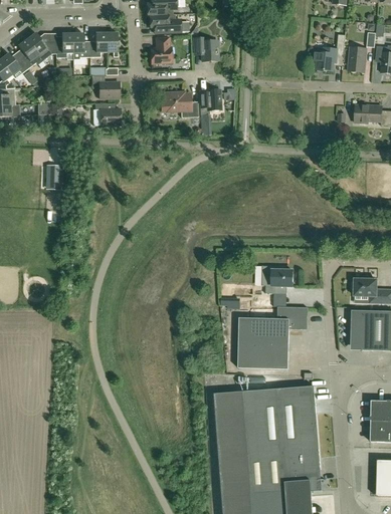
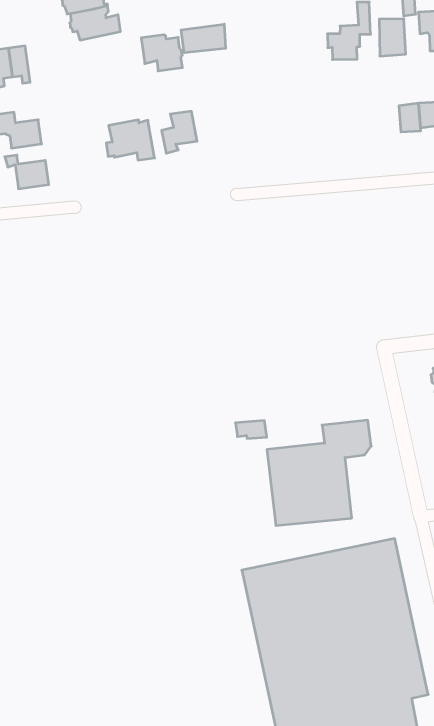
building: none -> [181,24,226,53]
building: [150,37,171,63] -> none
building: [261,265,294,293] -> none

